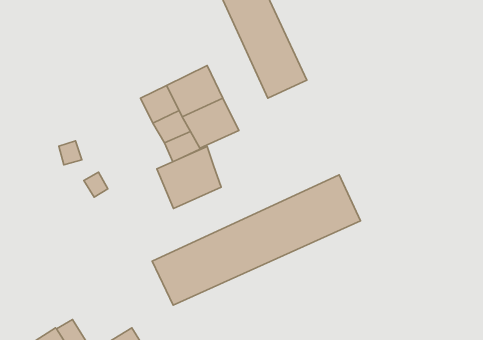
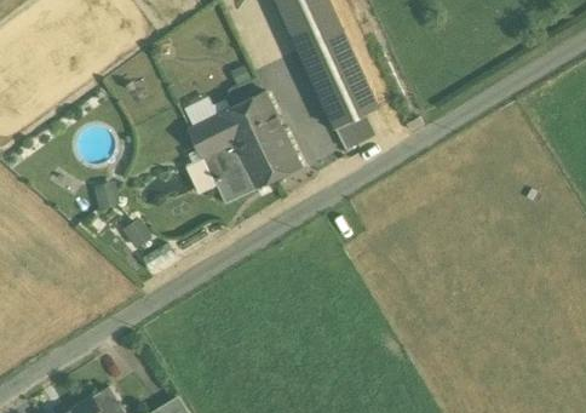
building: none -> [335,115,377,149]
building: [157,147,221,209] -> none
building: [152,175,360,305] -> none

